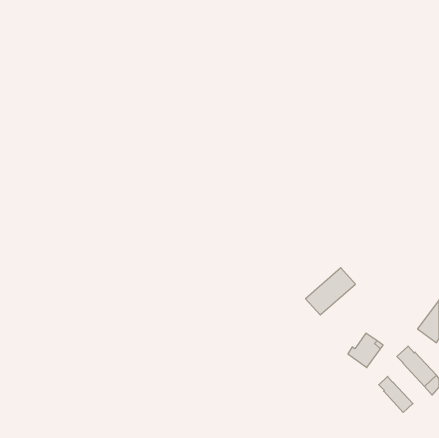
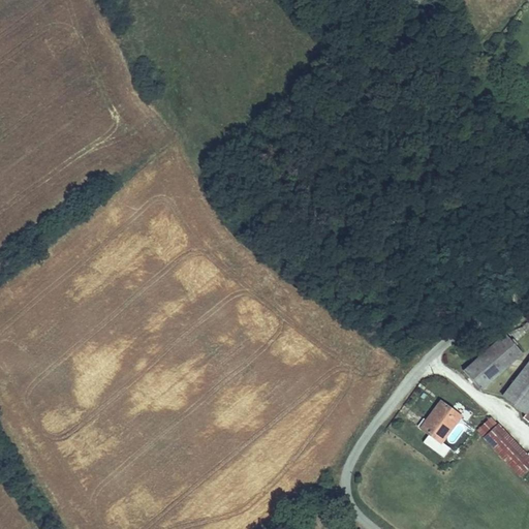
building: [306,268,355,315] -> [463,333,523,390]
building: [379,376,413,412] -> none

